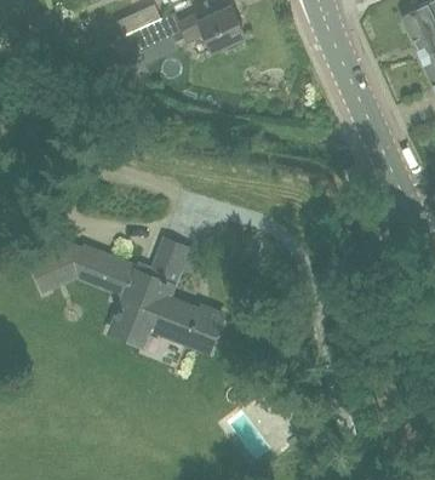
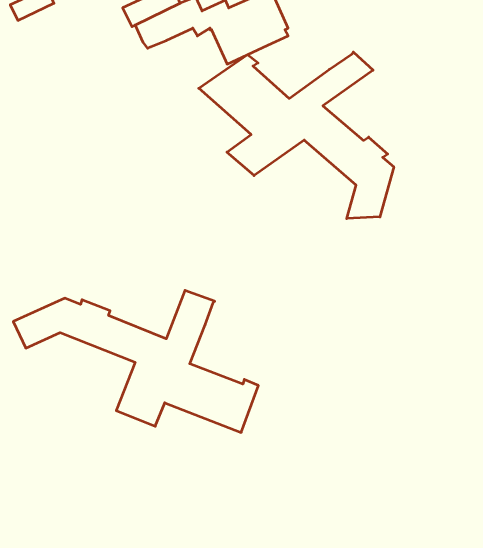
building: none -> [199,52,394,219]

